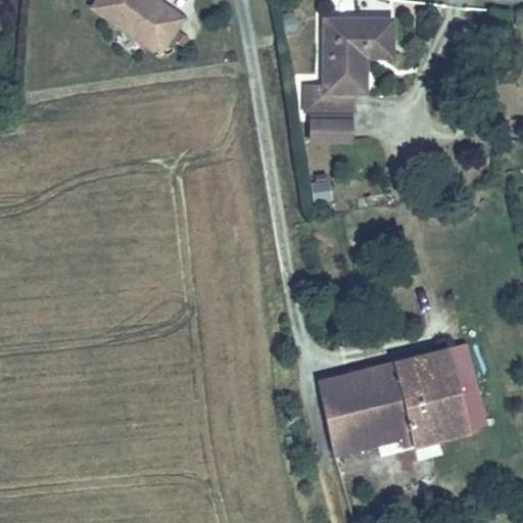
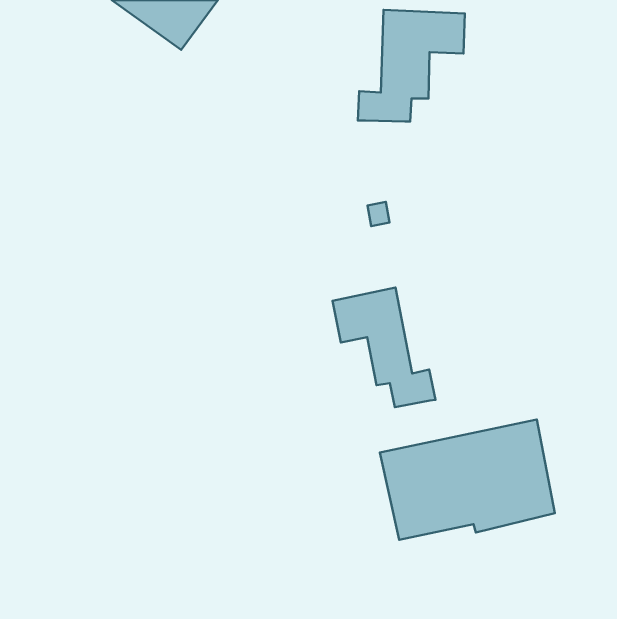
building: [308,103,344,133] -> none
building: none -> [333,288,435,407]

